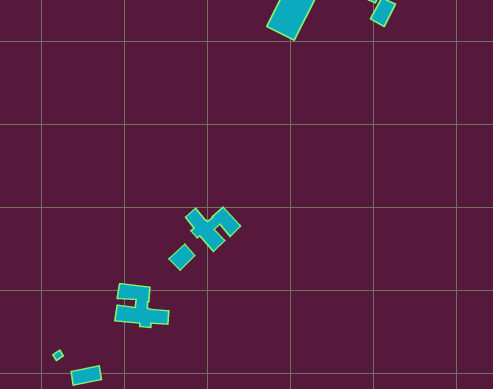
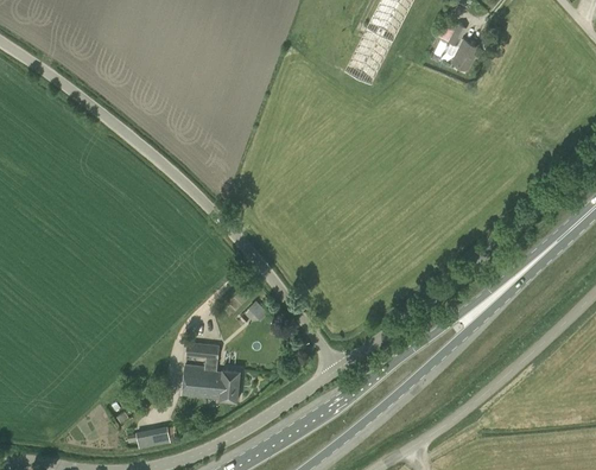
building: [185,207,241,252] -> none
building: none -> [182,380,239,400]

